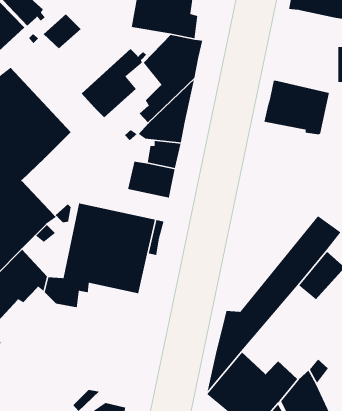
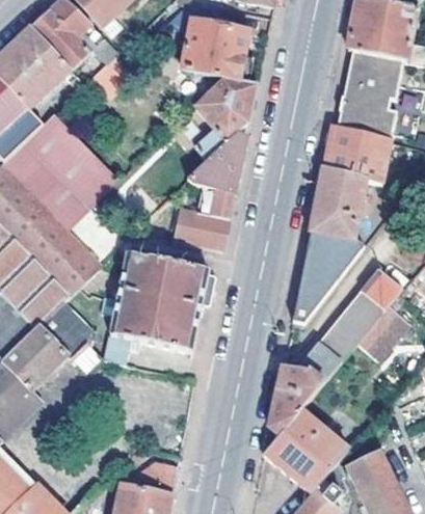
building: none -> [333,52,396,138]
building: [81,48,147,118] -> none
building: none -> [290,169,364,322]

